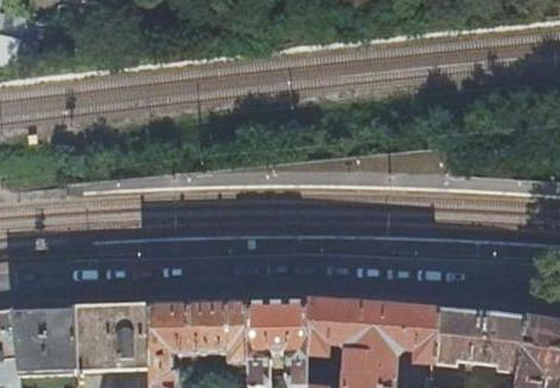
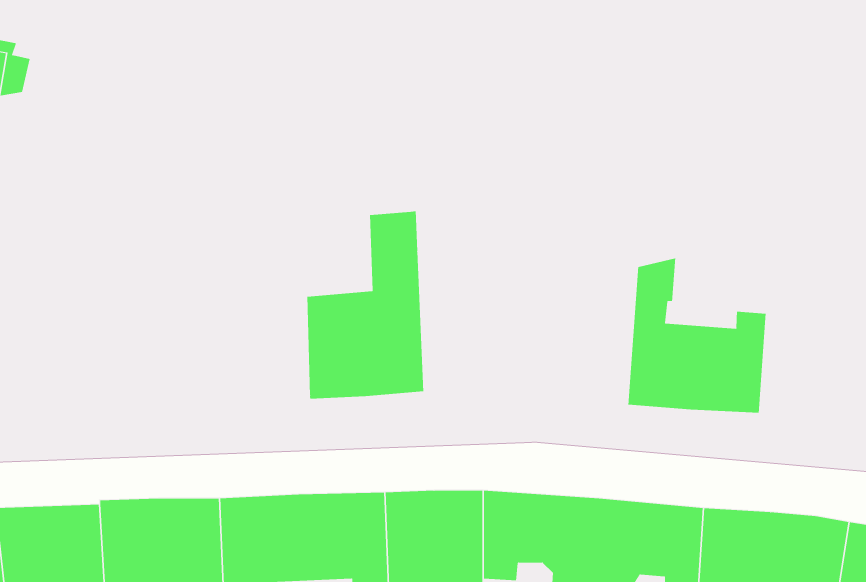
building: none -> [307,211,424,400]
building: none -> [628,258,766,414]

